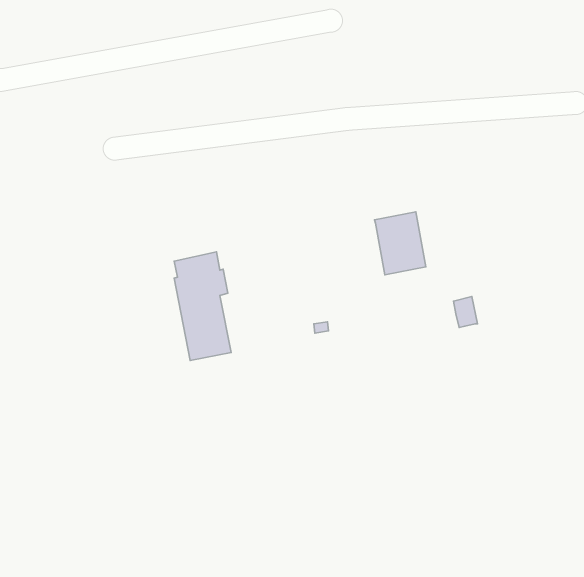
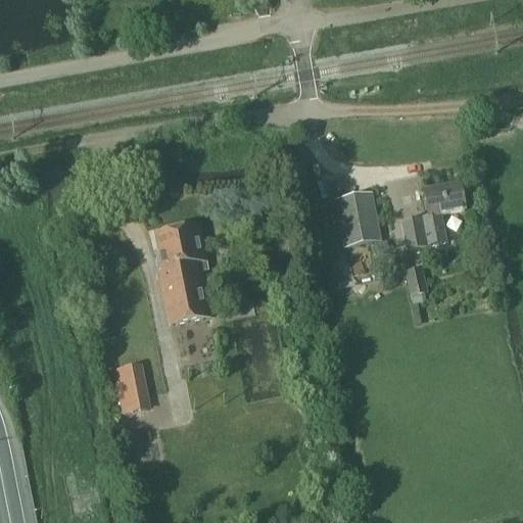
building: none -> [401,181,465,246]
building: none -> [115,365,146,410]

